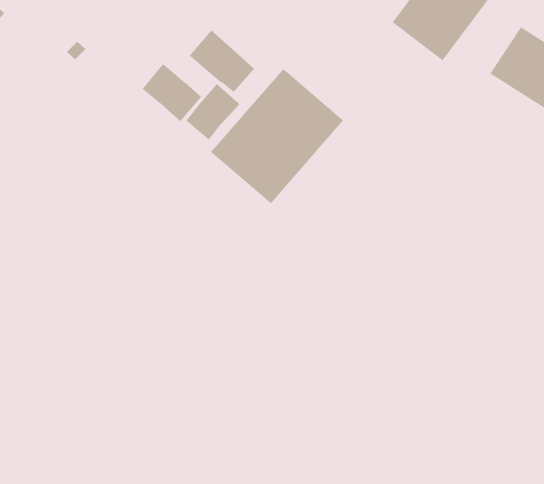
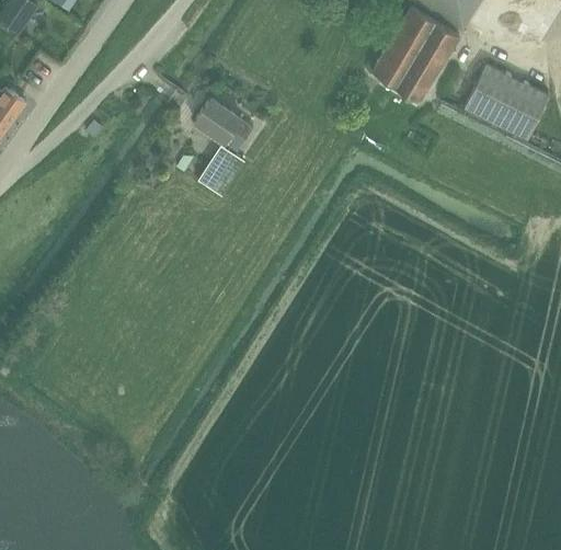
building: [142,63,202,122] -> none
building: [210,68,344,204] -> none

